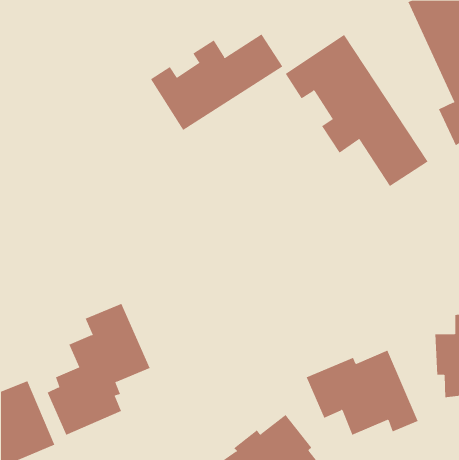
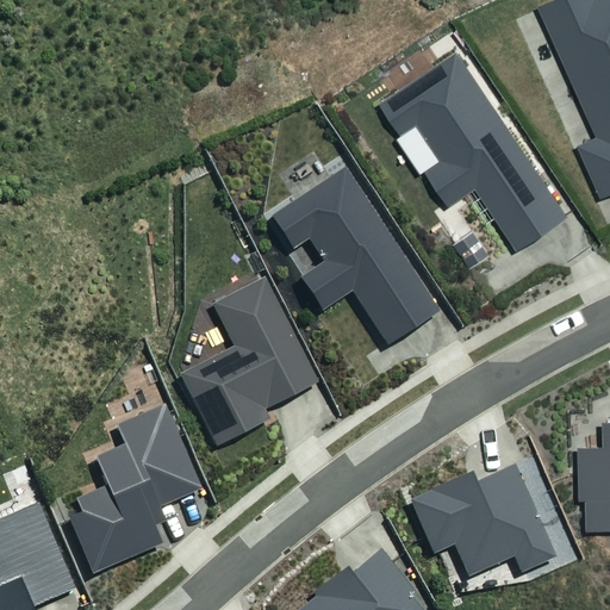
building: [150,33,283,131] -> none
building: none -> [267,164,438,344]
building: none -> [176,276,317,447]

